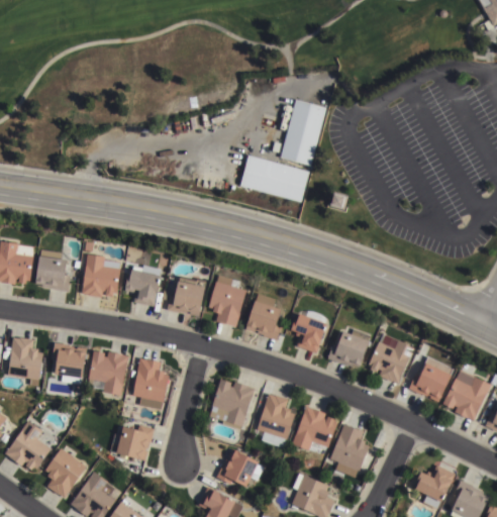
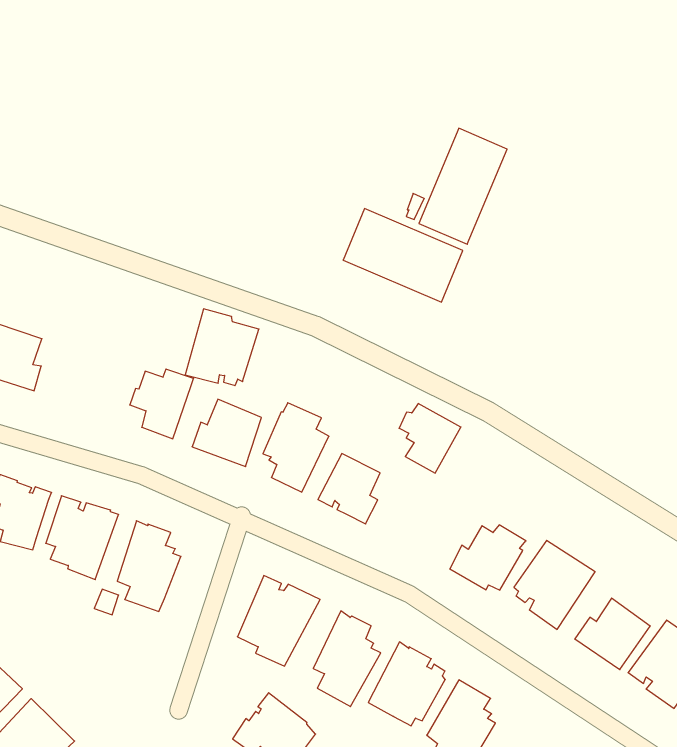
building: [83,253,122,296] -> [185,309,259,386]
building: [291,313,327,352] -> [399,404,461,473]
building: [111,424,156,460] -> none

